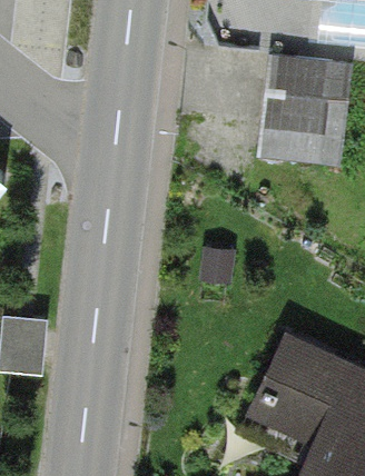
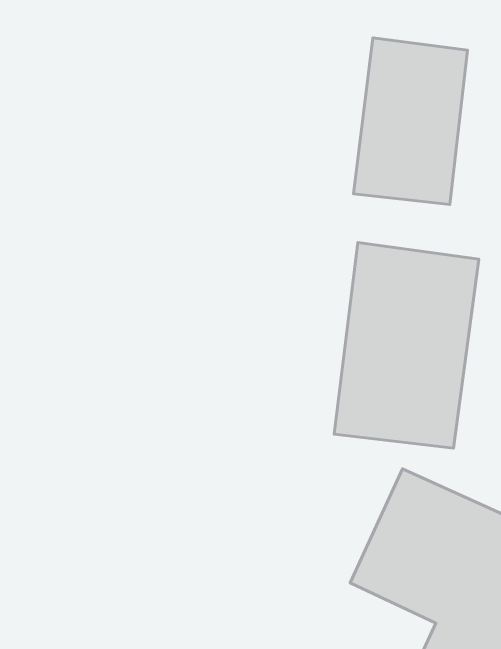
building: none -> [334,243,479,448]

